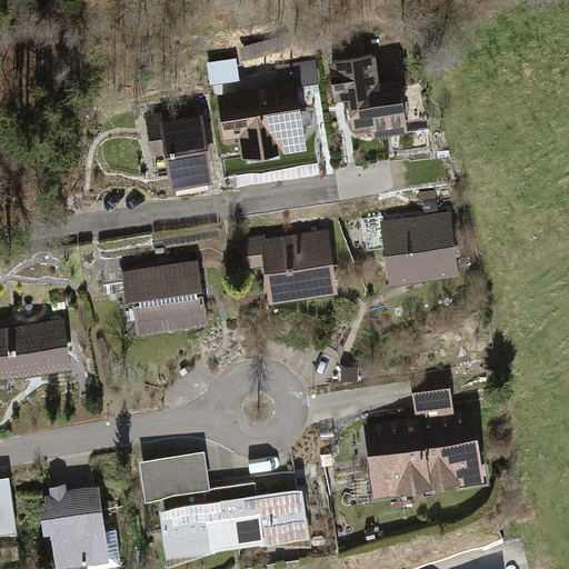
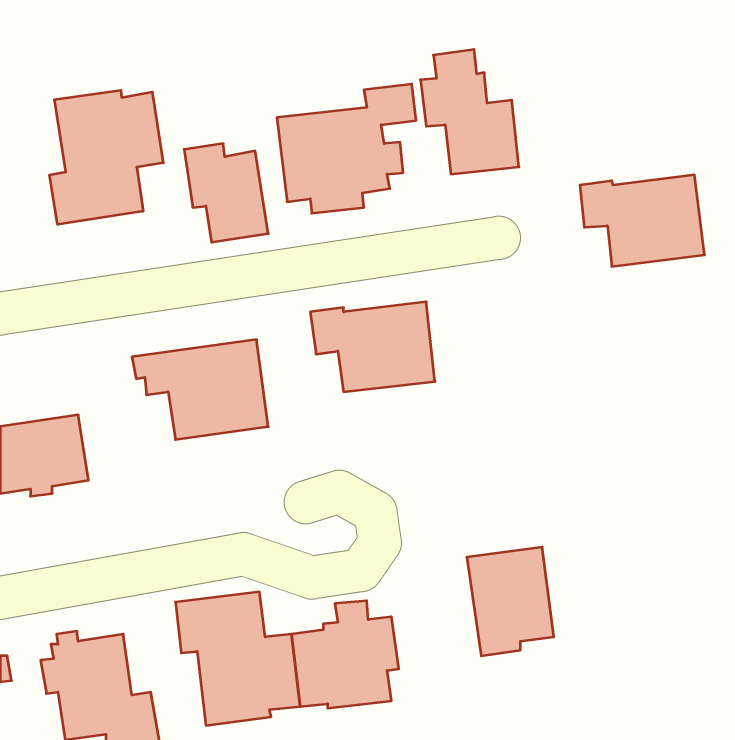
building: none -> [50,90,163,224]
building: [363,214,459,284] -> [580,175,705,266]
building: [415,379,487,491] -> none

